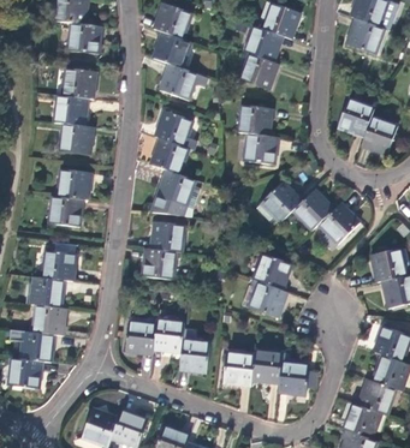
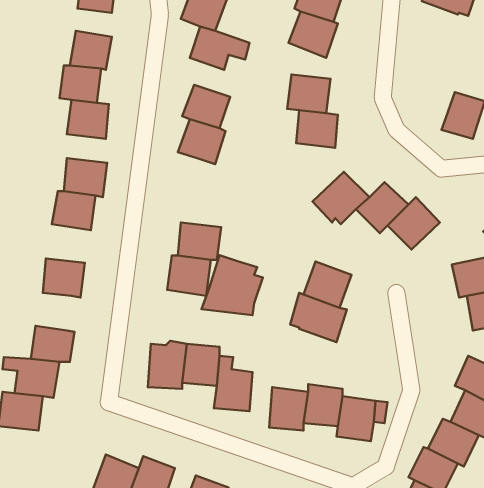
building: [338,98,375,137] -> none
building: [151,169,201,217] -> [202,255,263,315]
building: [23,276,65,307] -> none

